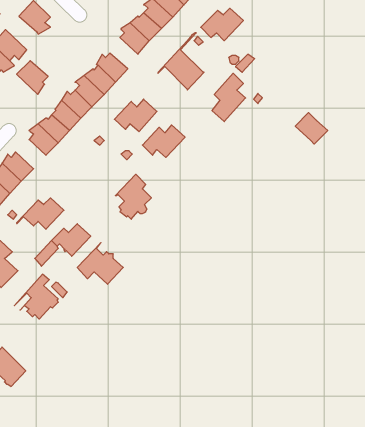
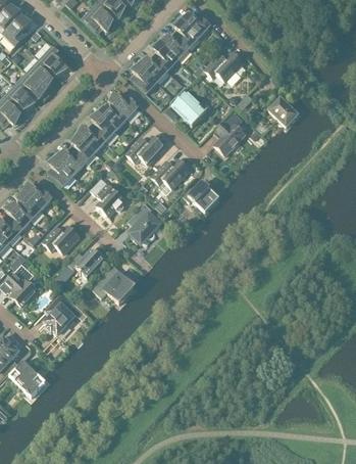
building: [17,61,48,94] -> [26,58,54,89]
building: [295,113,328,144] -> [267,97,297,126]
building: none -> [90,178,122,219]
building: none -> [182,180,216,206]

